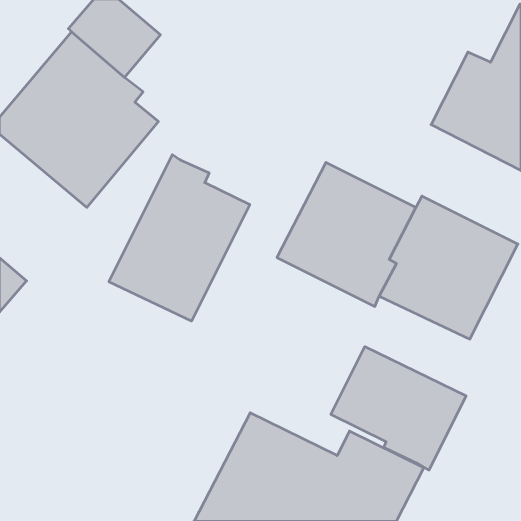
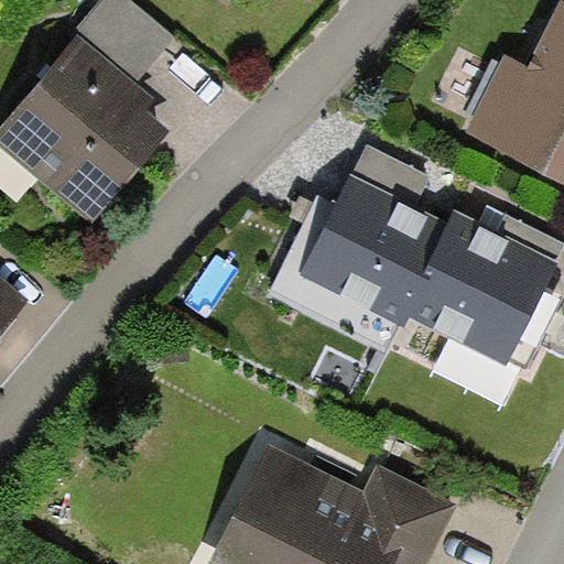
building: [109,155,250,321] -> none
building: [331,347,466,470] -> none

